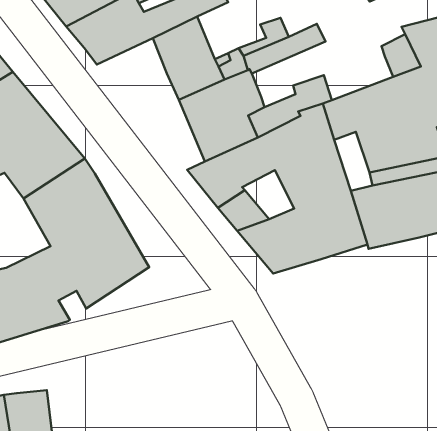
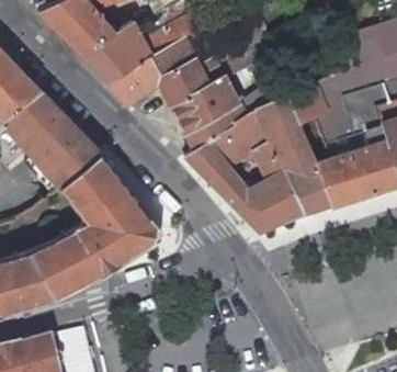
building: none -> [104,56,162,103]

